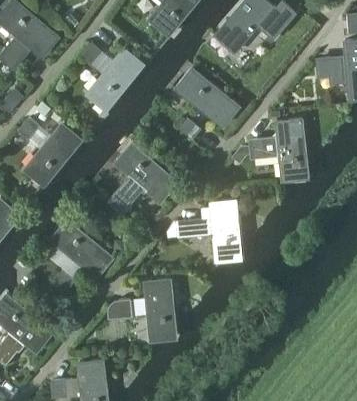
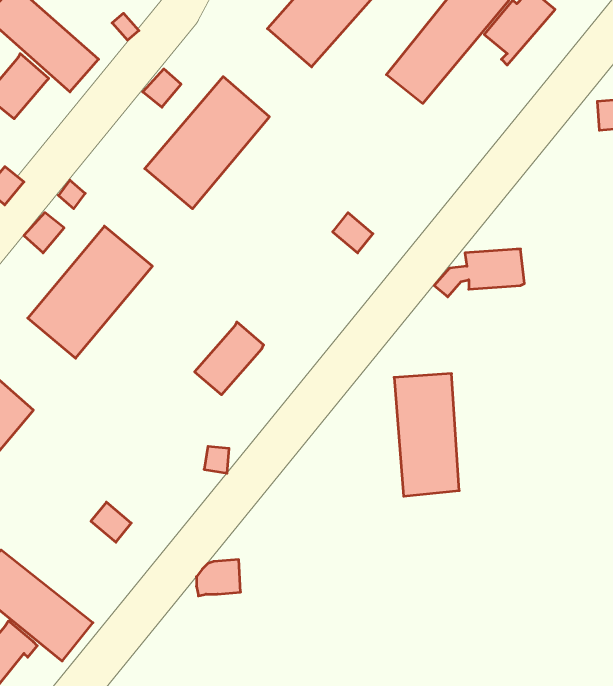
building: [171,67,233,126] -> none
building: [278,123,308,185] -> none
building: [117,145,171,197] -> none
building: [167,205,212,235] -> none
building: [44,220,111,283] -> none
building: [142,285,177,349] -> none

